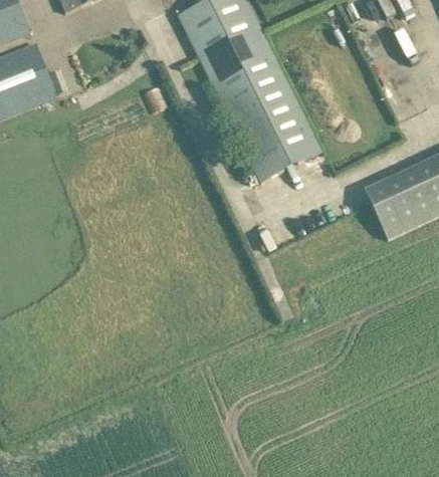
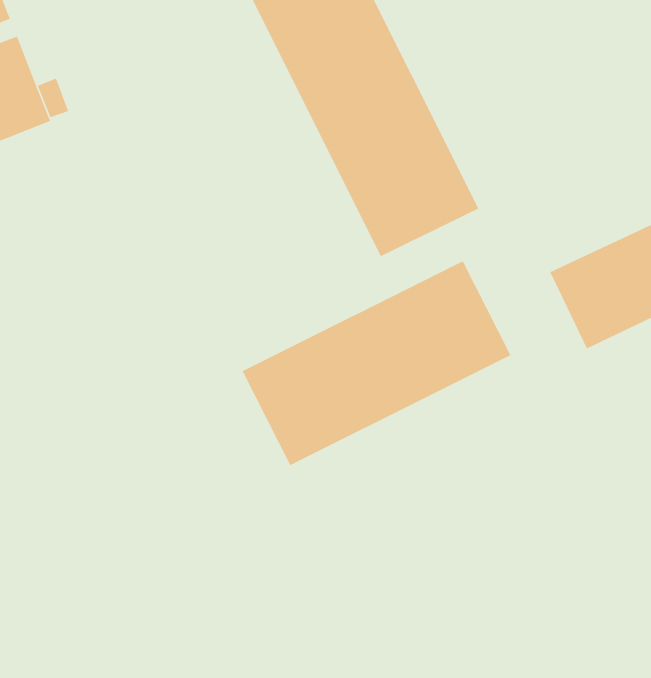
building: none -> [241,260,511,466]

